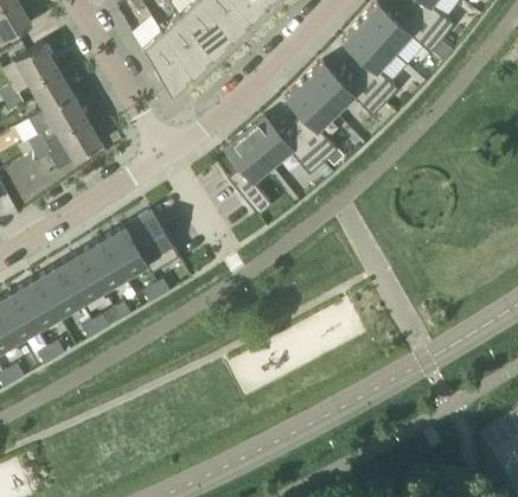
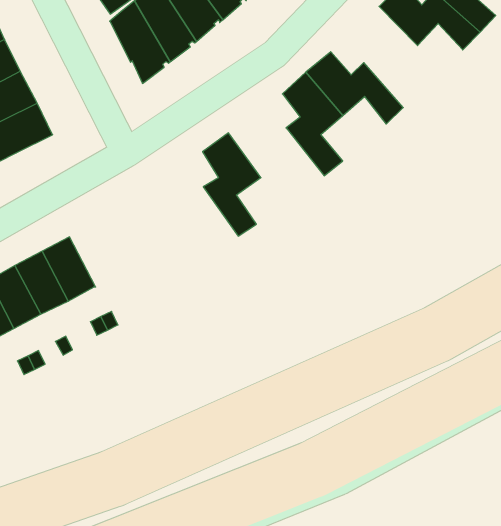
building: [341,24,398,104] -> none
building: [244,117,324,176] -> none
building: [121,210,179,275] -> none

